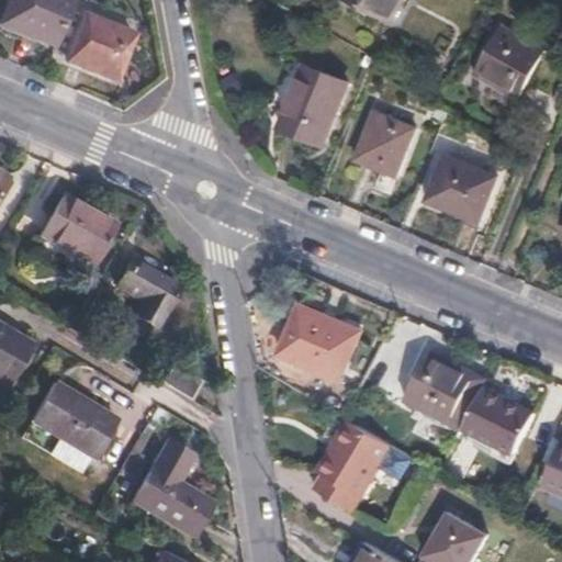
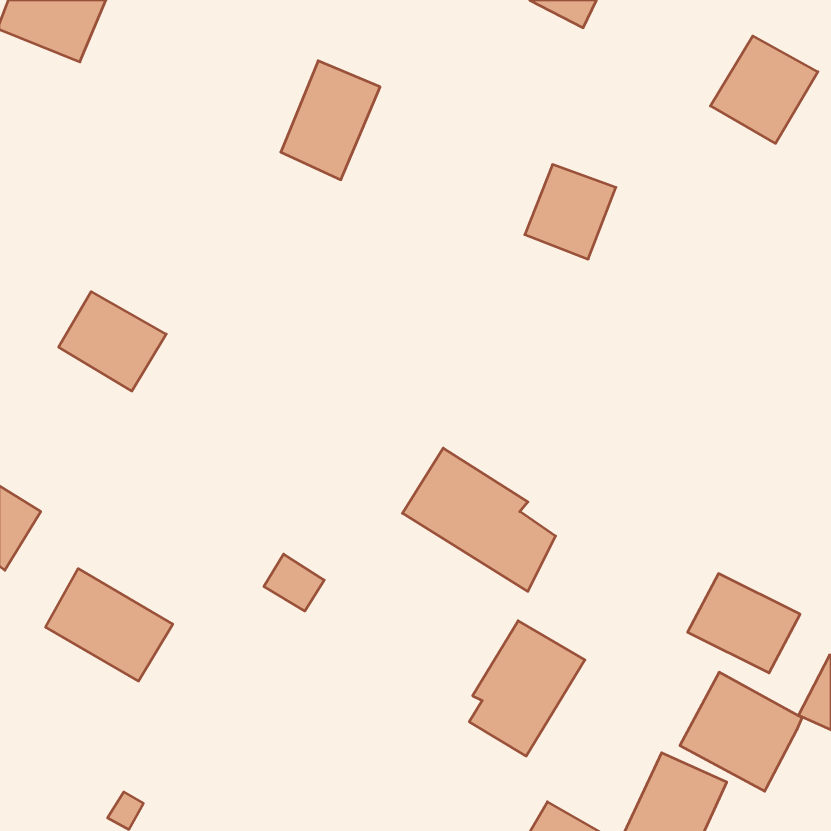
building: [67,14,135,79] -> none
building: [280,64,347,144] -> [281,61,380,180]
building: [428,155,496,220] -> none
building: [113,263,172,327] -> none
building: [405,349,487,429] -> [680,672,802,791]
building: [126,441,207,538] -> none

